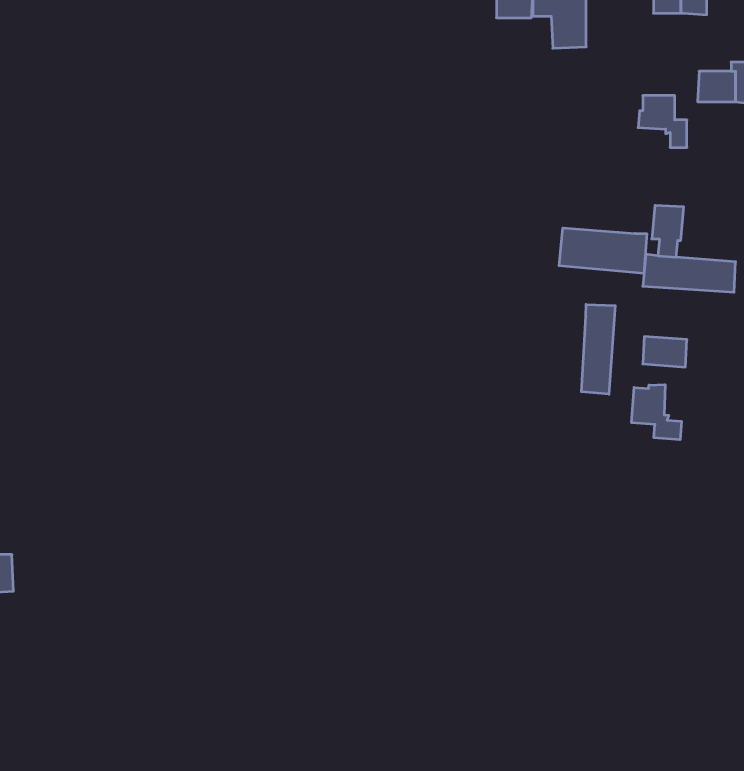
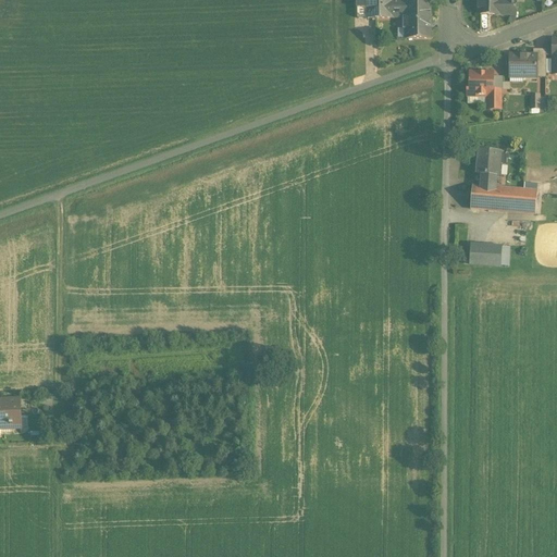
building: [559,228,647,274] -> none
building: [581,304,615,394] -> none
building: [632,385,681,440] -> none

